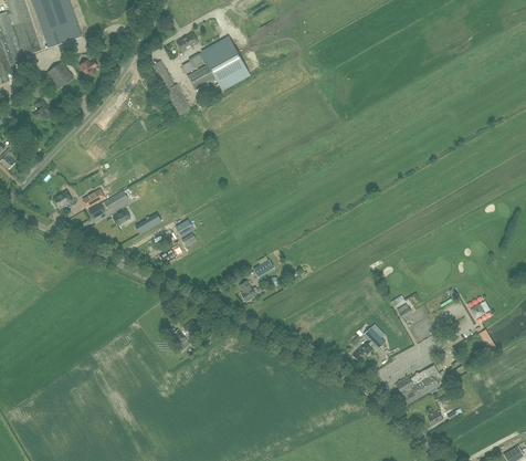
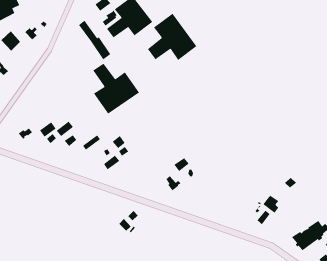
building: none -> [147,13,197,61]
building: none -> [93,63,140,114]

